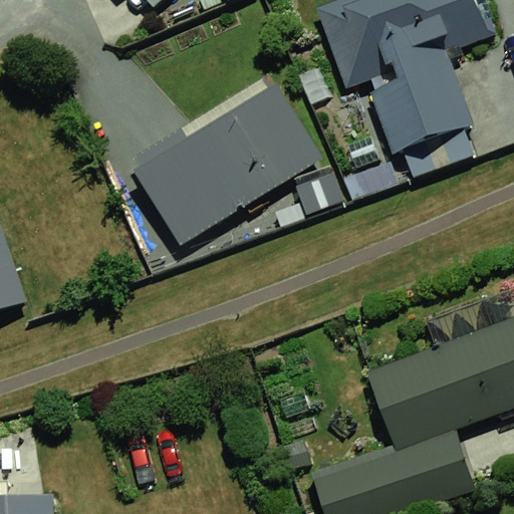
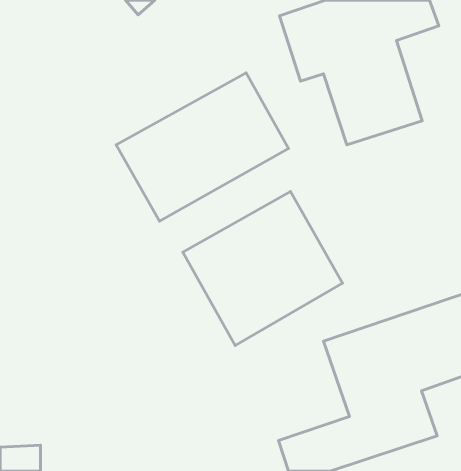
building: none -> [183,192,342,345]

